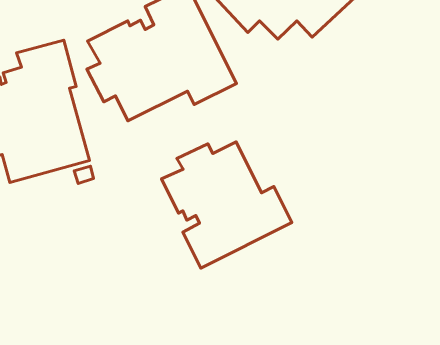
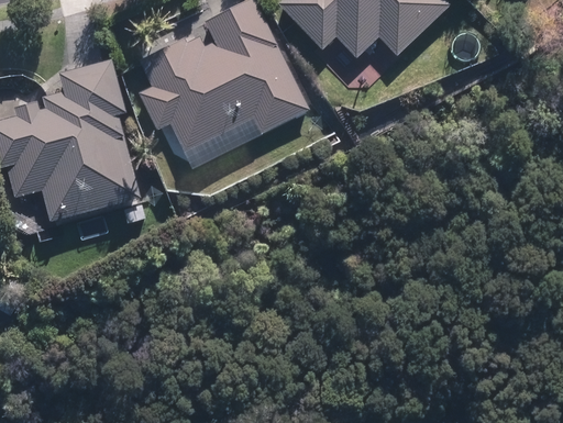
building: [161,142,292,268] -> none

